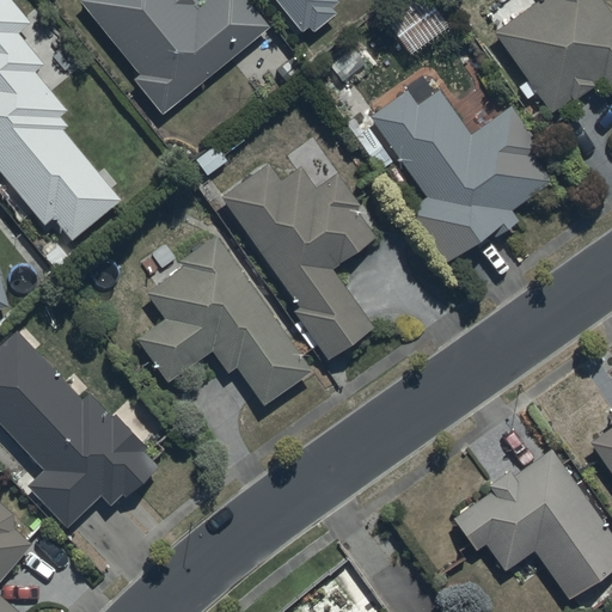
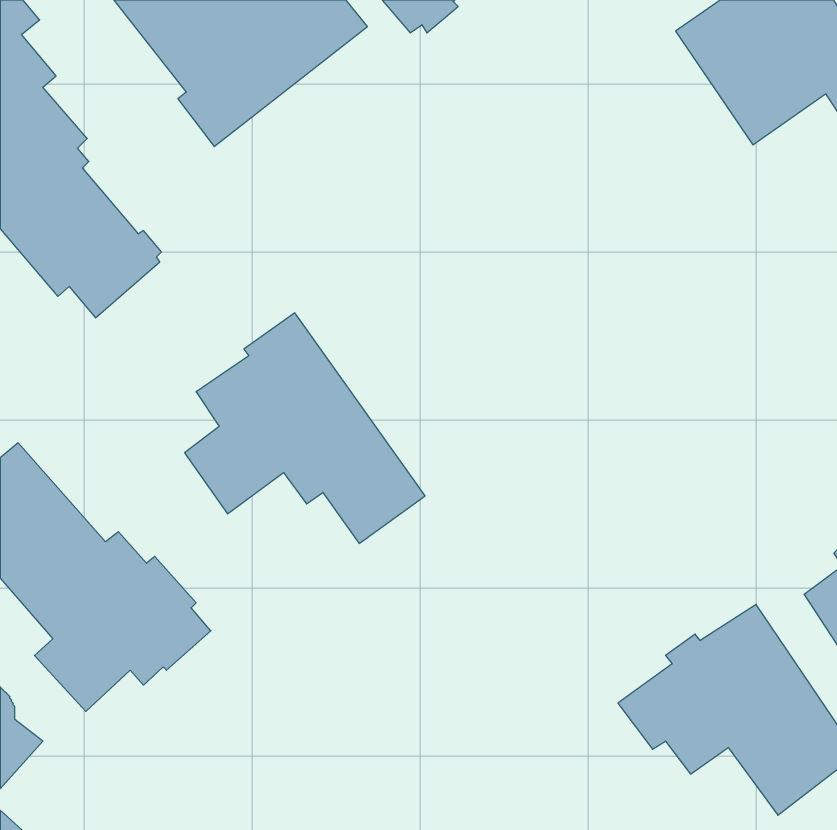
building: [367,88,553,262] -> none
building: [219,163,377,357] -> none

